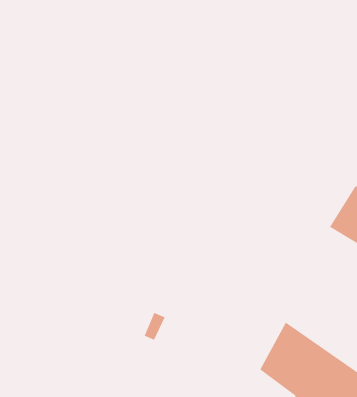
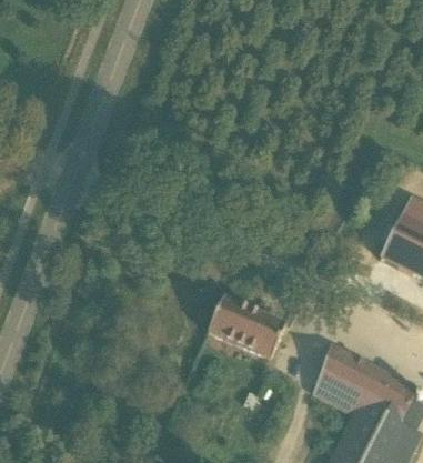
building: none -> [210,295,289,359]

